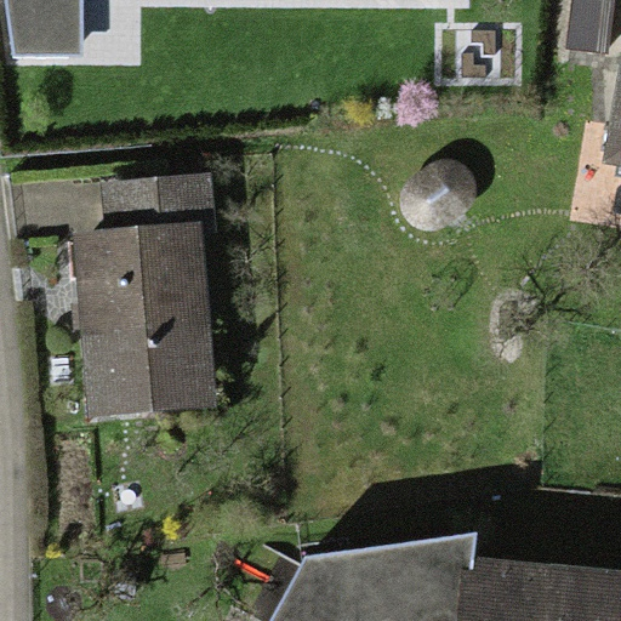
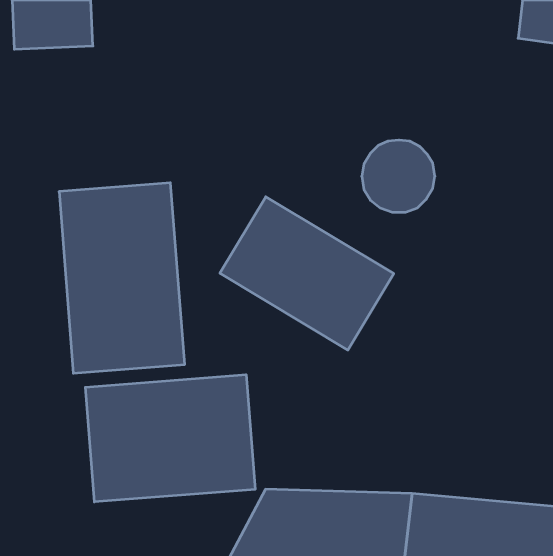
building: none -> [220,197,394,350]
building: none -> [85,375,255,502]

